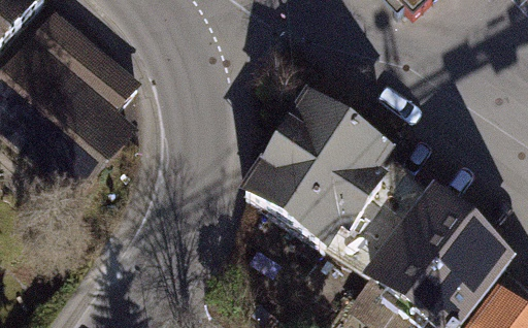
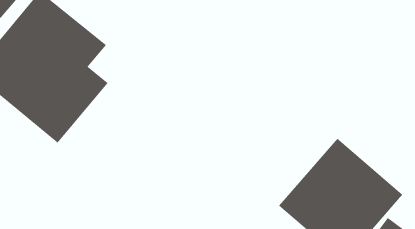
building: [254,95,398,242] -> none

